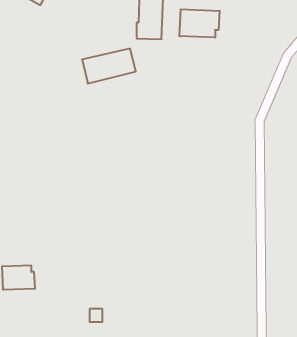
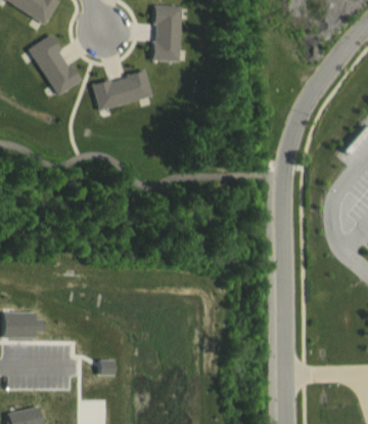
building: [179,9,220,38] -> none
building: none -> [29,35,81,95]

